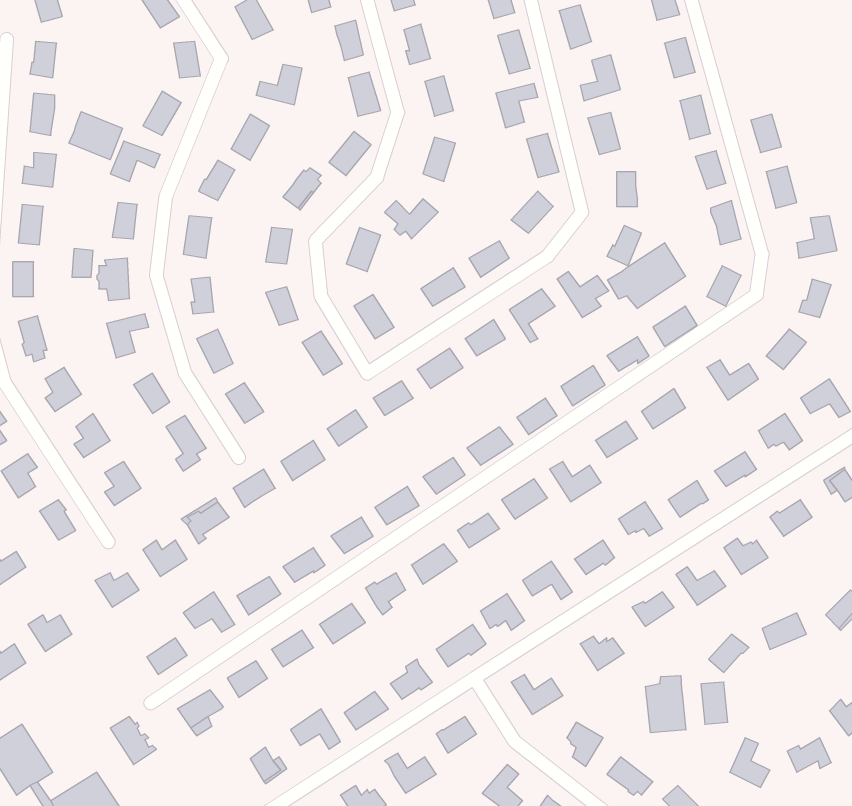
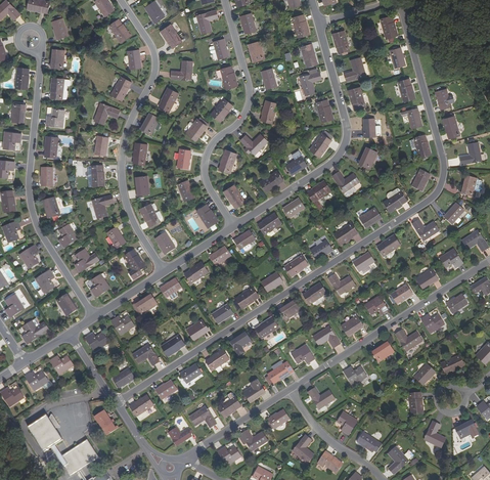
building: [69,112,123,160] -> none
building: [608,243,686,308] -> none
building: [646,676,686,733] -> none

